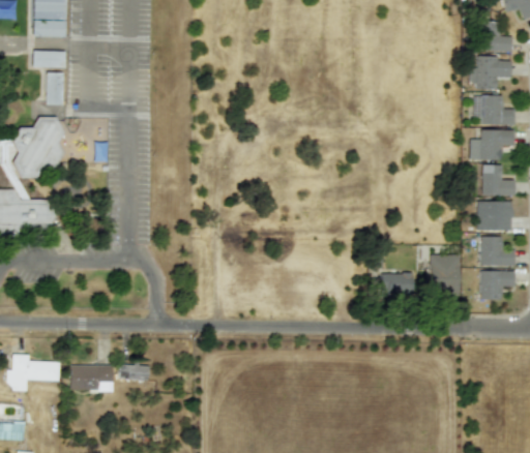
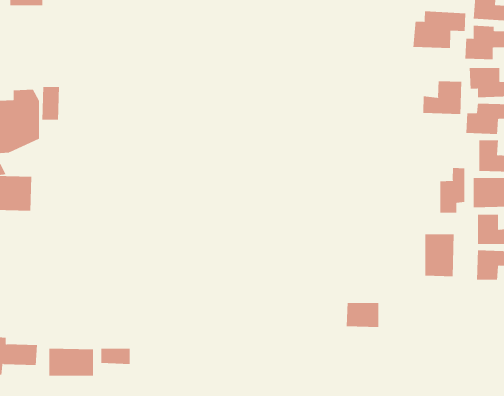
building: none -> [413,10,466,49]
building: [32,50,65,67] -> none
building: [46,72,63,104] -> [42,87,60,120]
building: none -> [423,81,462,115]
building: none -> [440,167,465,214]
building: [381,273,413,297] -> [346,303,379,327]

